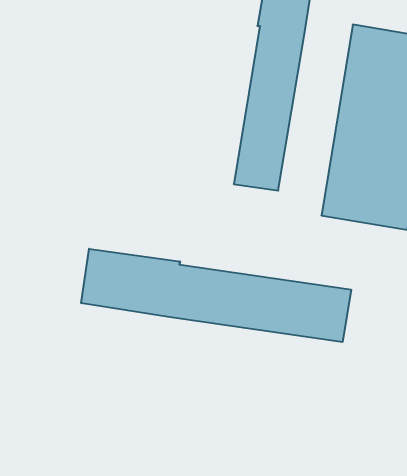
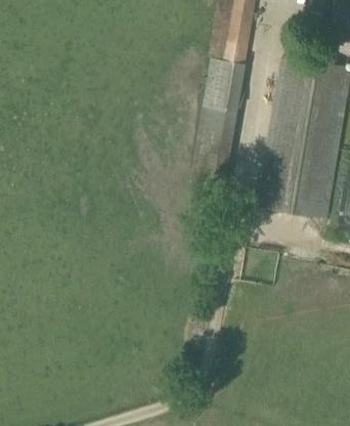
building: [81,249,351,342] -> none

